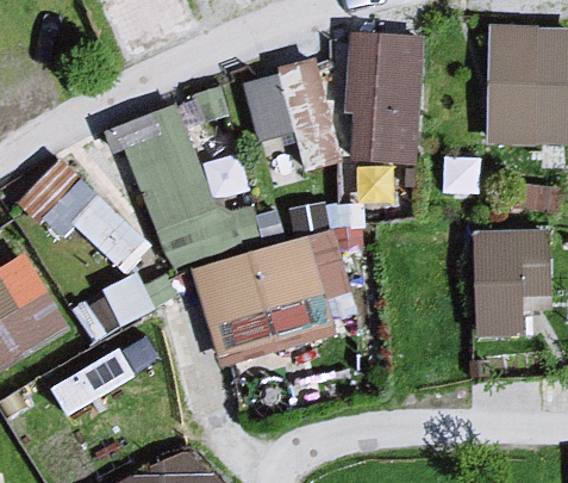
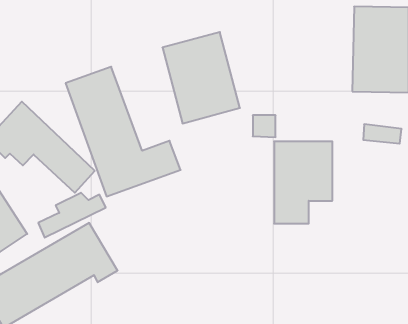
building: [349,37,419,160] -> none
building: [475,230,551,338] -> [274,141,332,224]
building: [193,237,345,357] -> none

